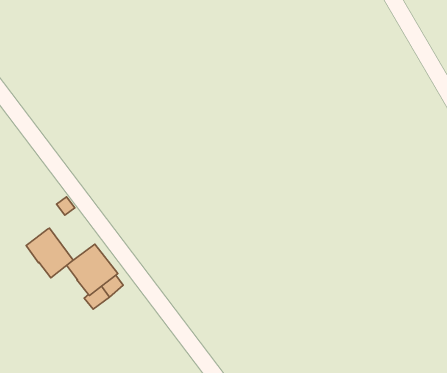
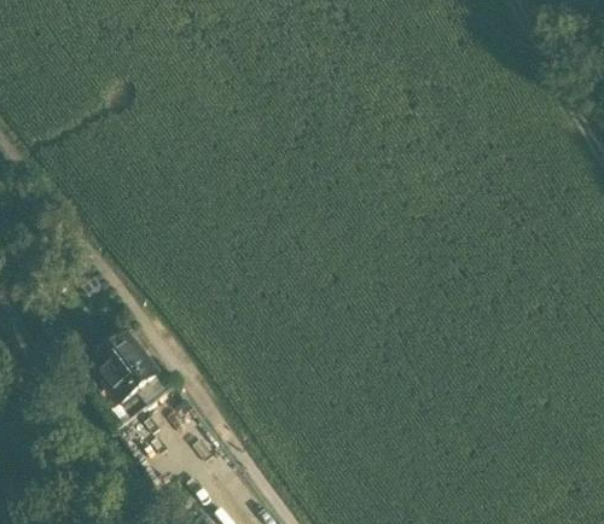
building: [26,228,73,278] -> none

